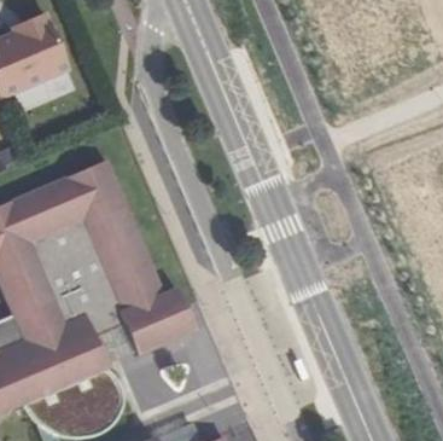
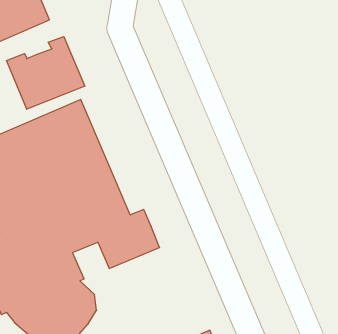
building: none -> [6,37,85,109]

